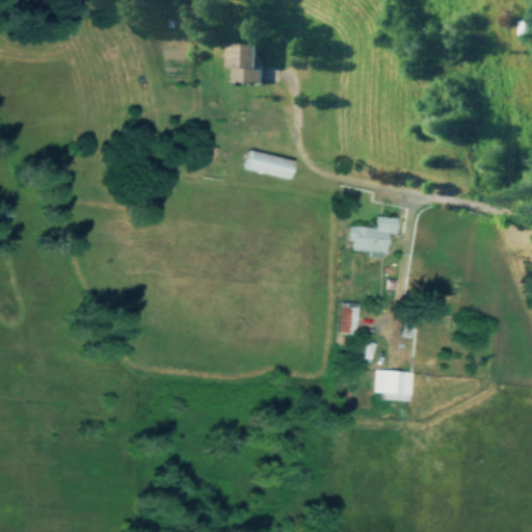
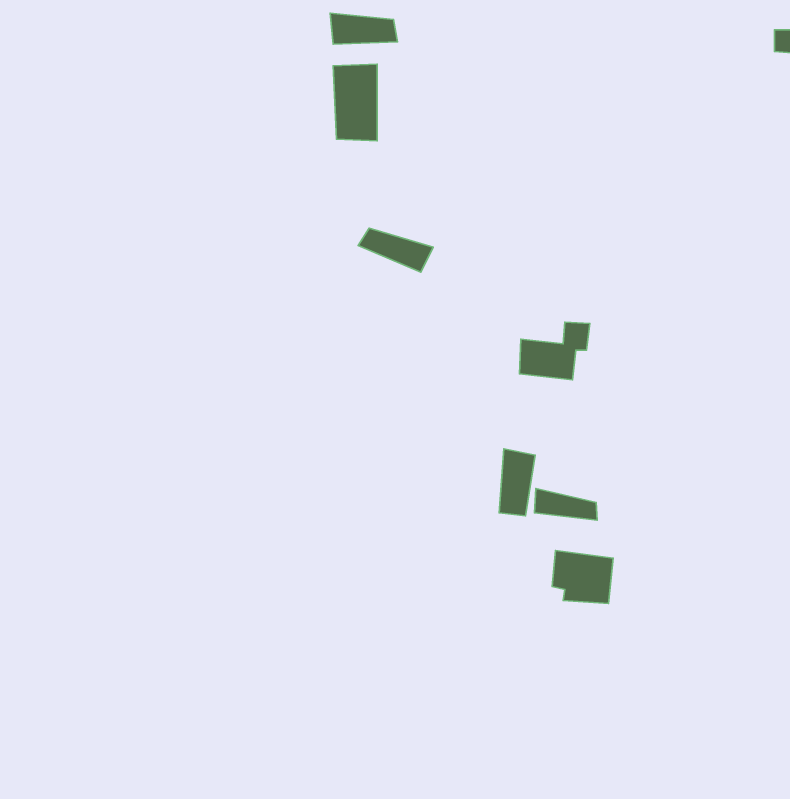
building: none -> [330,13,397,44]
building: none -> [535,488,597,520]

